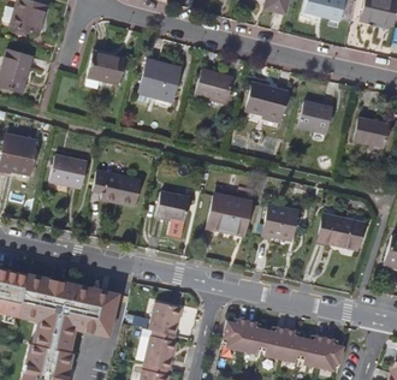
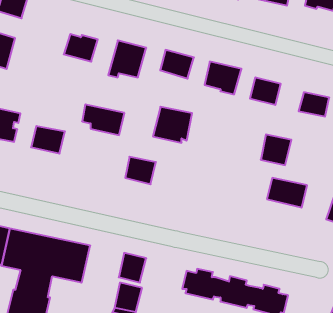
building: [93,171,141,206] -> [82,104,124,135]
building: [207,192,251,233] -> [153,107,192,143]
building: [263,204,298,239] -> [261,134,291,165]

